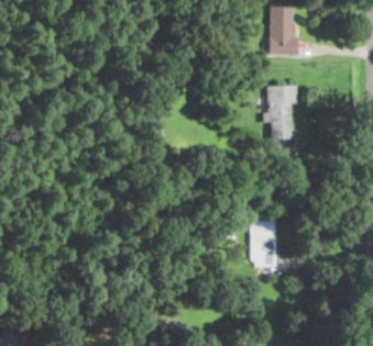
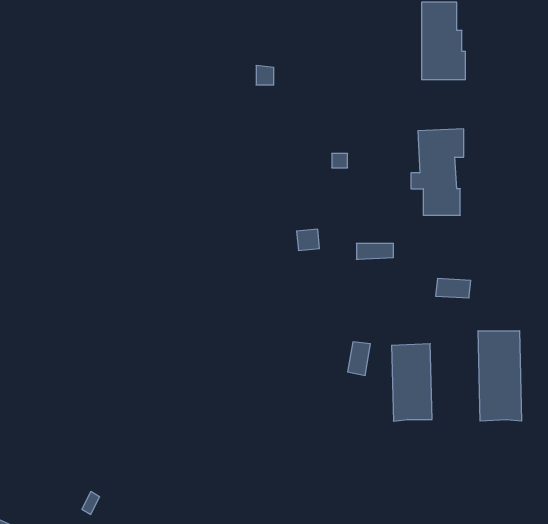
building: none -> [478,331,522,421]

